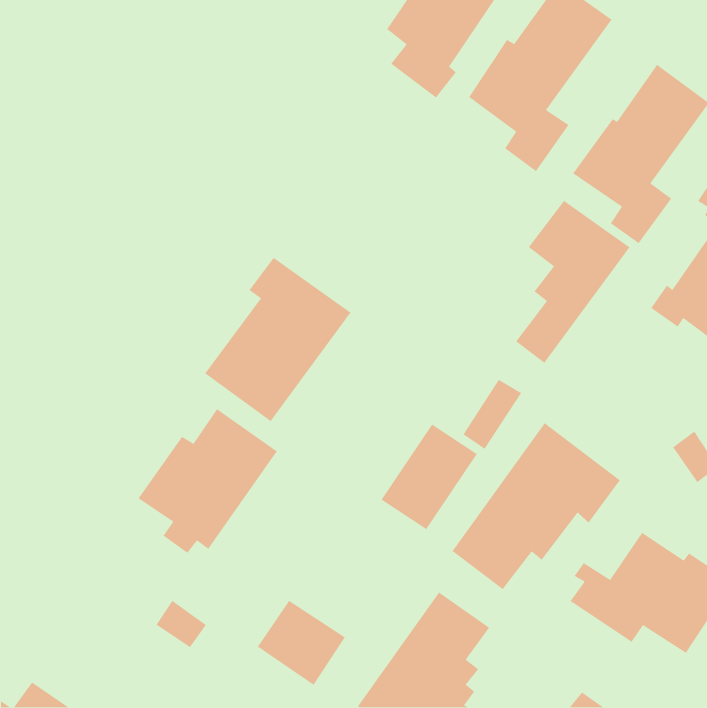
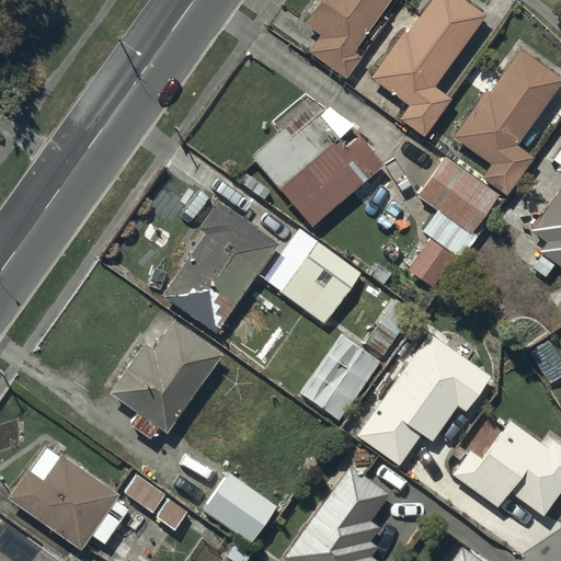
building: none -> [252,108,382,227]
building: none -> [270,232,360,321]
building: none -> [7,448,127,550]

